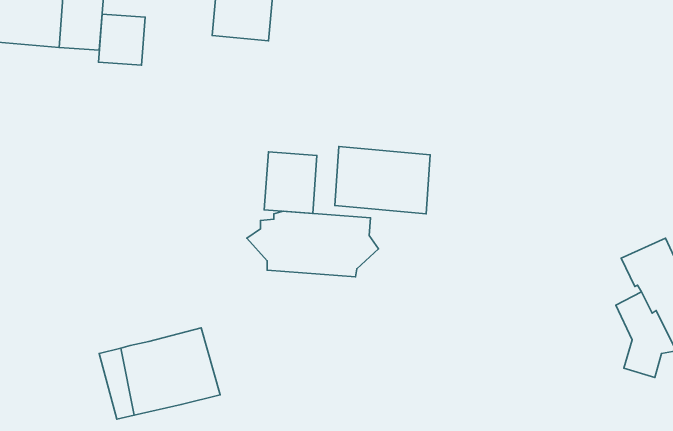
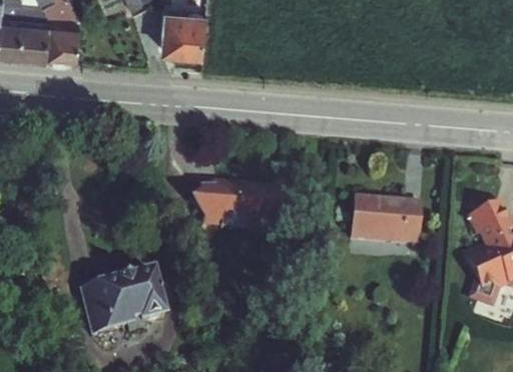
building: [99,14,145,65] -> none
building: [335,147,430,214] -> [350,194,421,244]
building: [264,152,317,213] -> none

